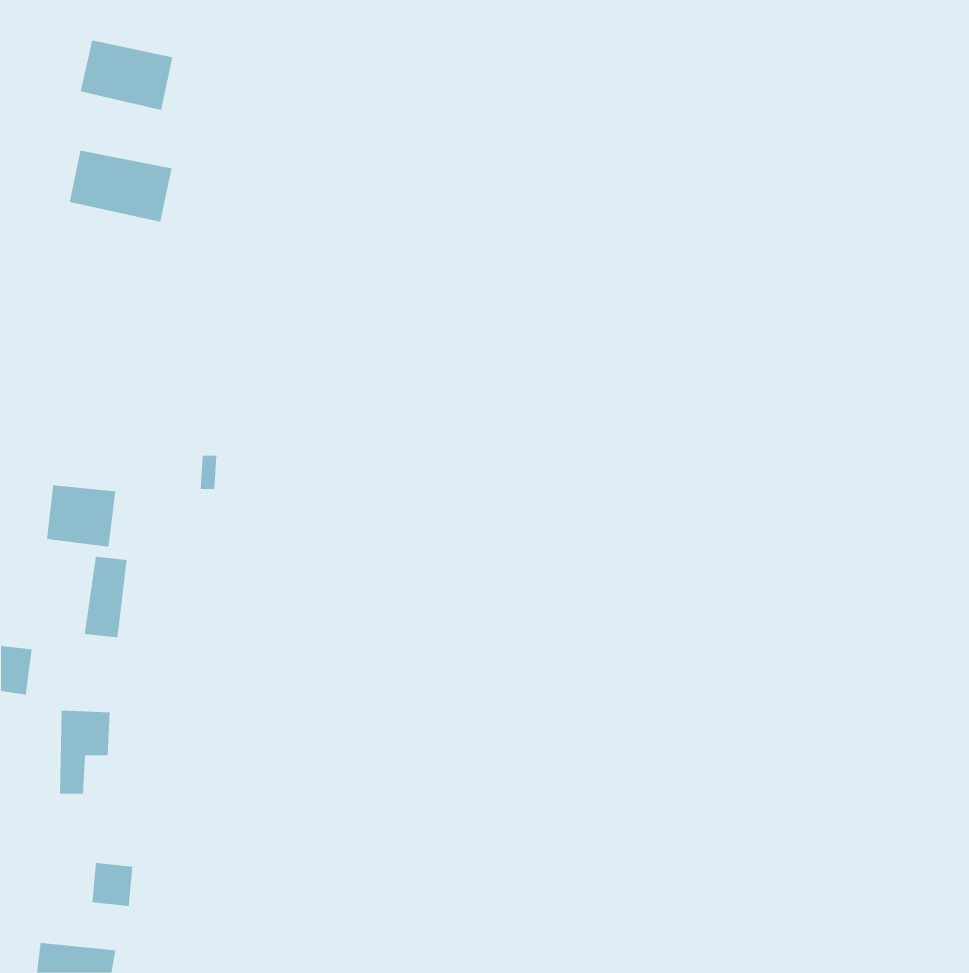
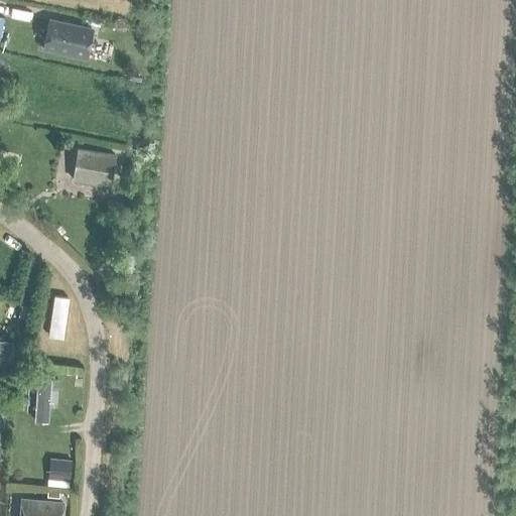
building: [69,150,172,223] -> none
building: none -> [75,149,116,186]
building: [46,485,116,548] -> none

